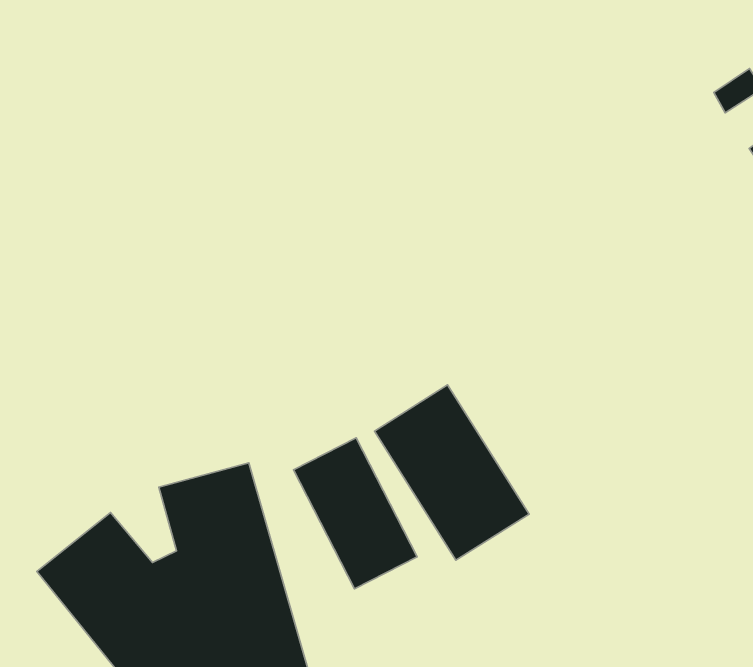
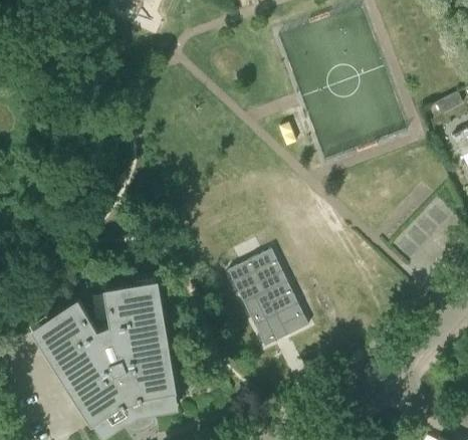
building: [293,438,417,589] -> none

